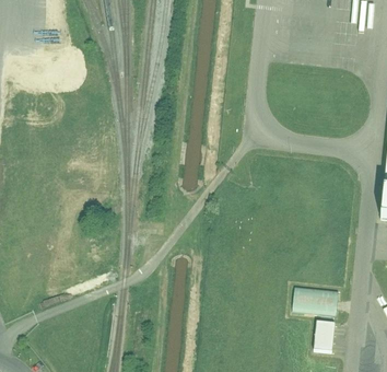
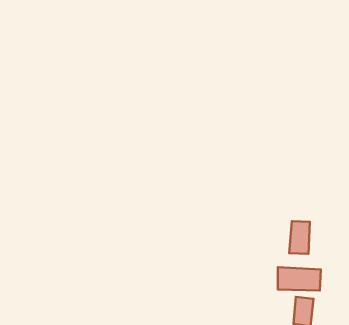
building: none -> [289,221,310,254]

